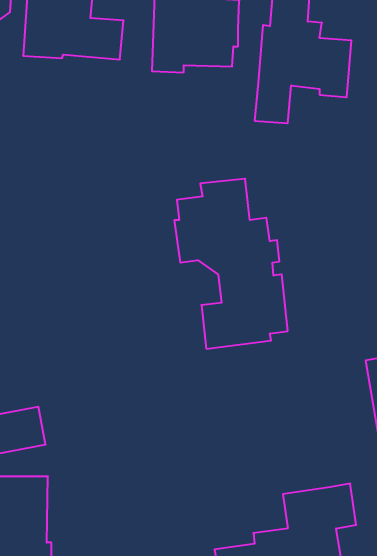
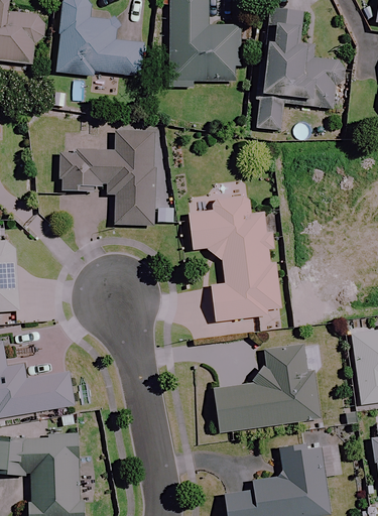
building: none -> [60,136,155,224]
building: none -> [211,345,319,432]

